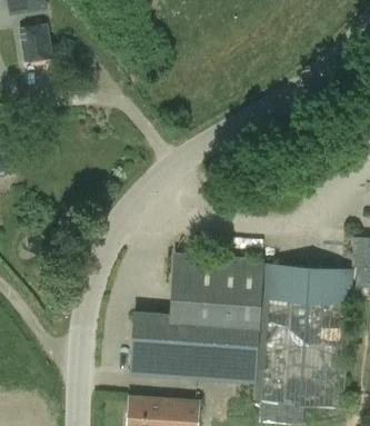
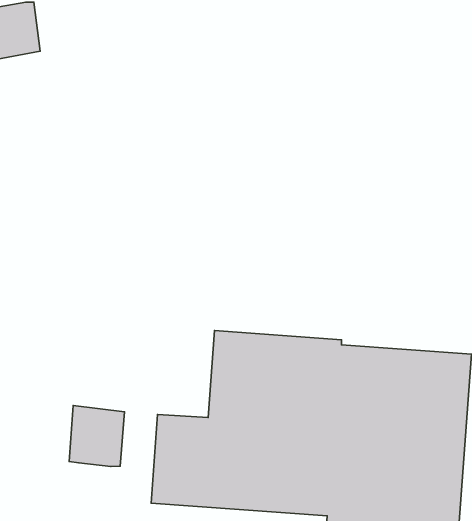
building: none -> [69,405,124,467]

